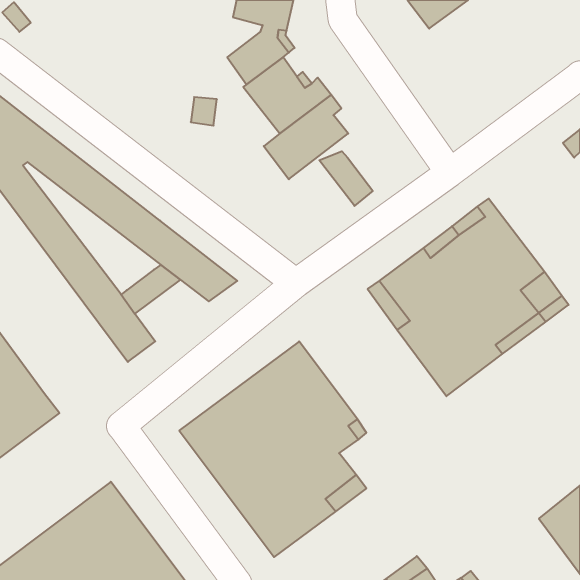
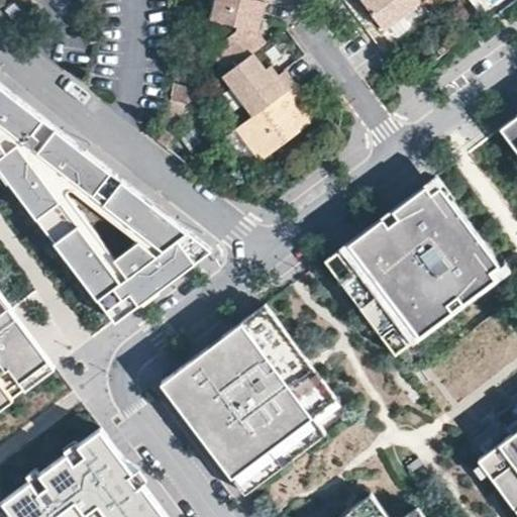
building: [319,151,373,206] -> none
building: none -> [20,146,142,264]
building: none -> [119,250,185,305]

